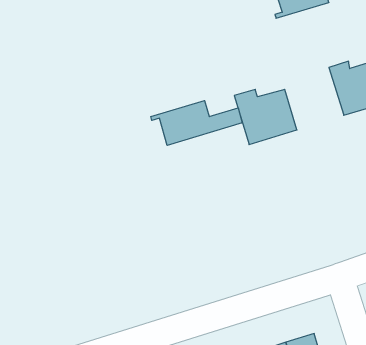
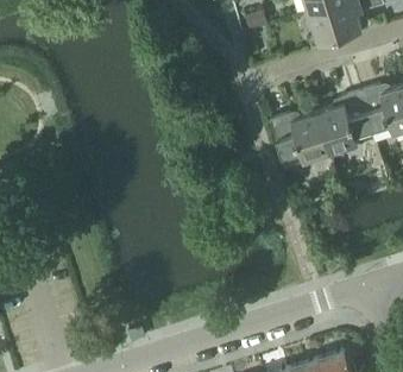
building: none -> [319,92,376,152]
building: [151,101,242,145] -> none

